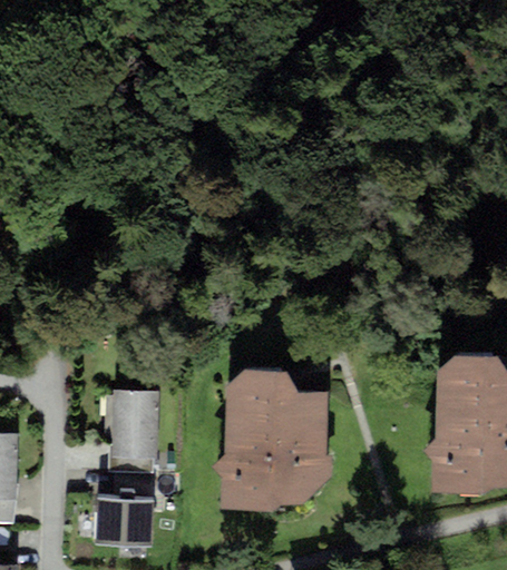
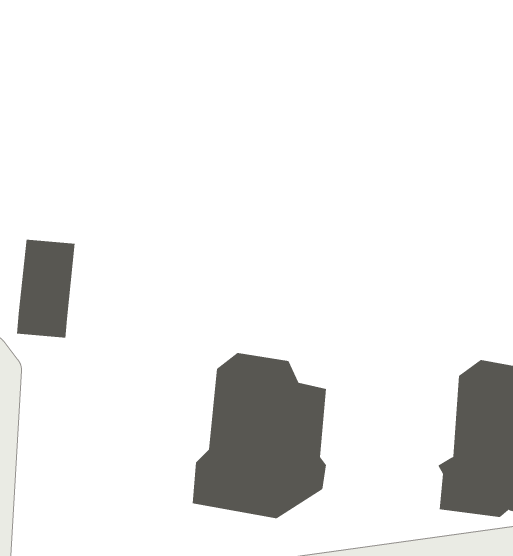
building: [107,389,152,471] -> [16,239,76,338]
building: [92,493,153,547] -> none

